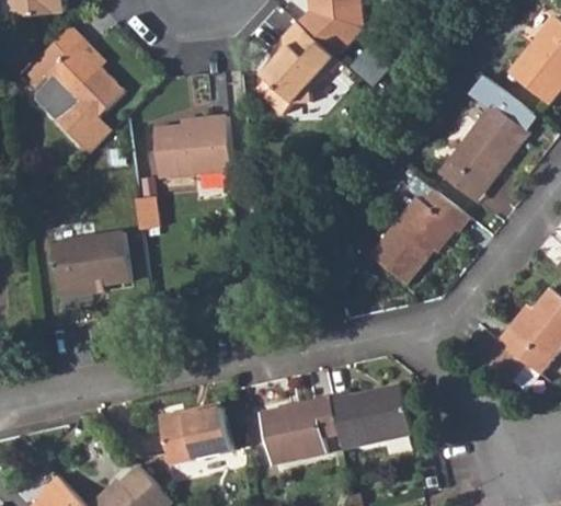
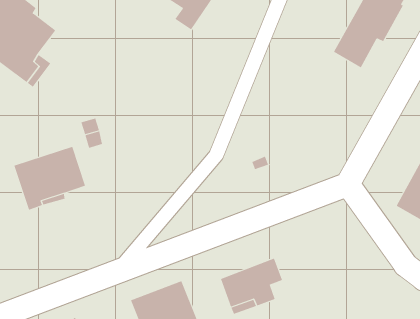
building: [148,116,230,180] -> none
building: [373,187,472,283] -> none
building: [350,387,414,445] -> none

